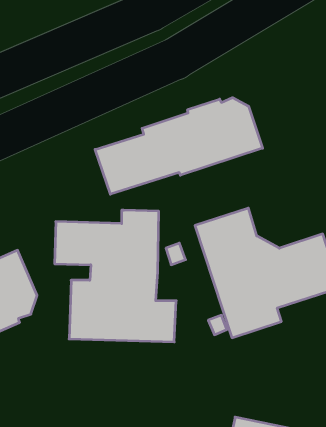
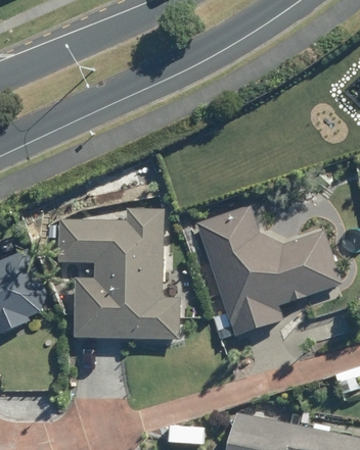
building: [95,98,263,194] -> none

